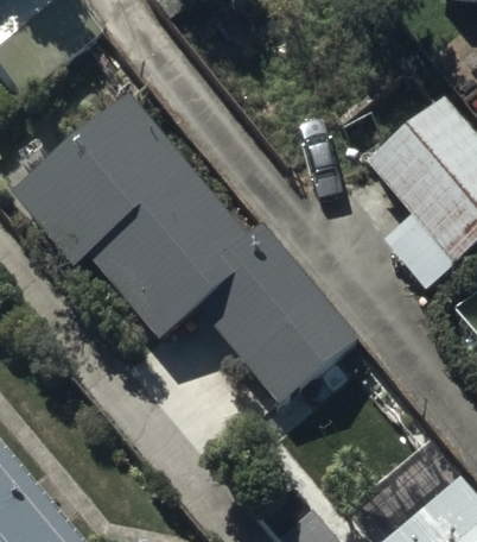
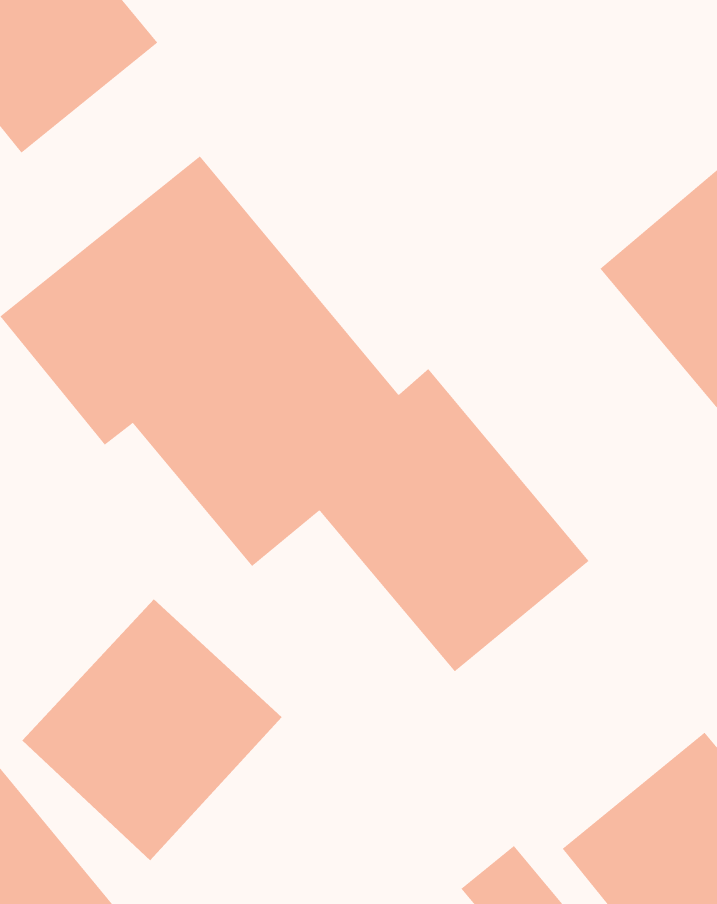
building: none -> [21,599,283,861]

